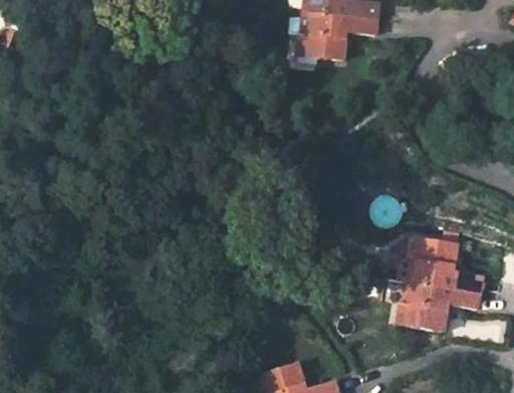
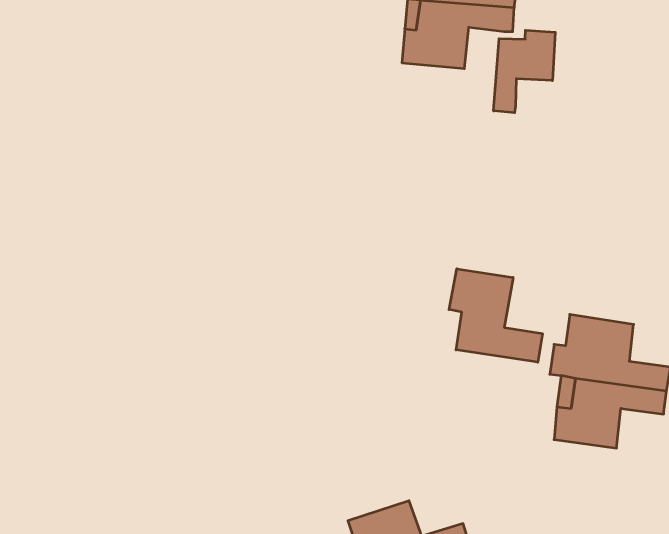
building: none -> [494,30,555,113]
building: none -> [449,269,542,362]

